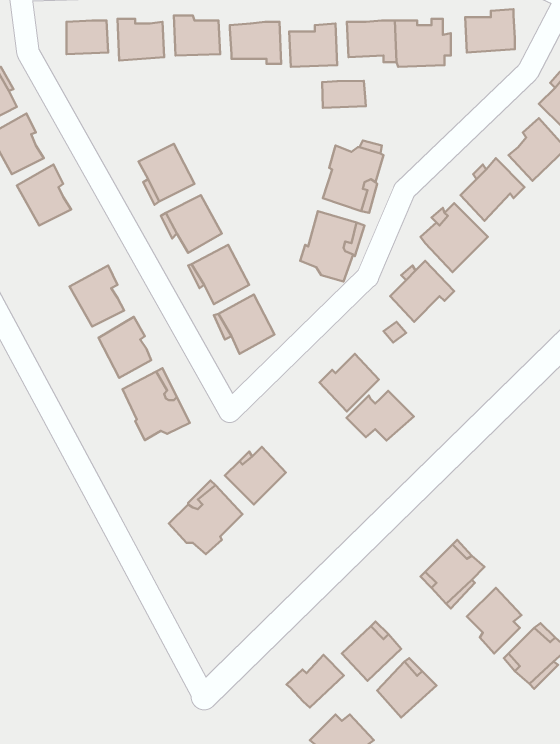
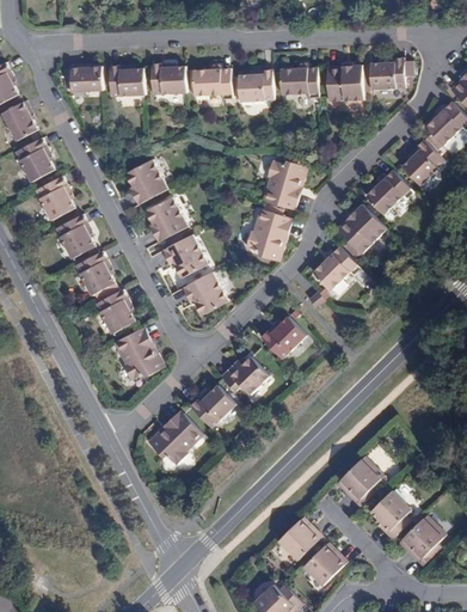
building: [322,81,366,108] -> none
building: none -> [55,213,96,258]
building: [346,391,414,440] -> [220,356,270,393]
building: [287,655,344,708] -> none

